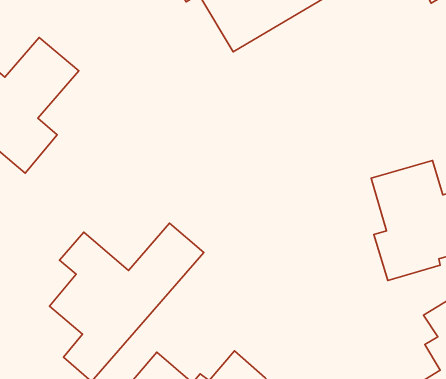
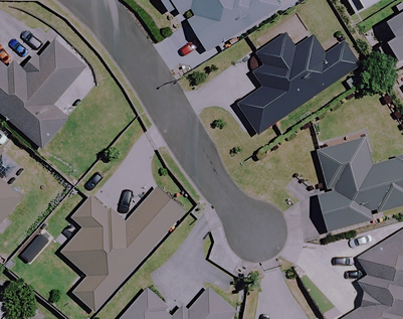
building: none -> [238,36,360,134]

